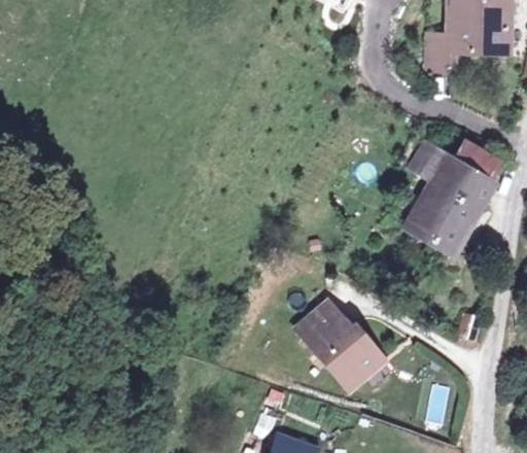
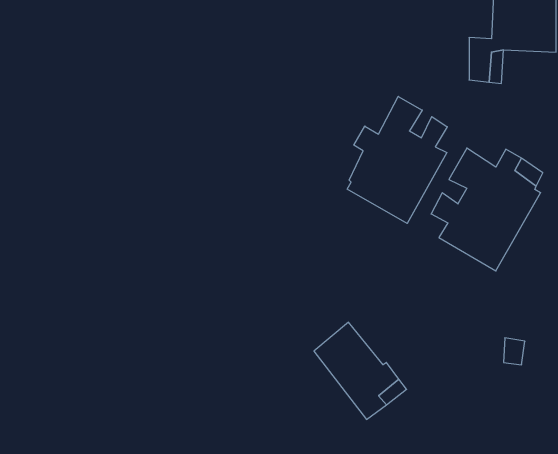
building: none -> [347,96,447,223]

